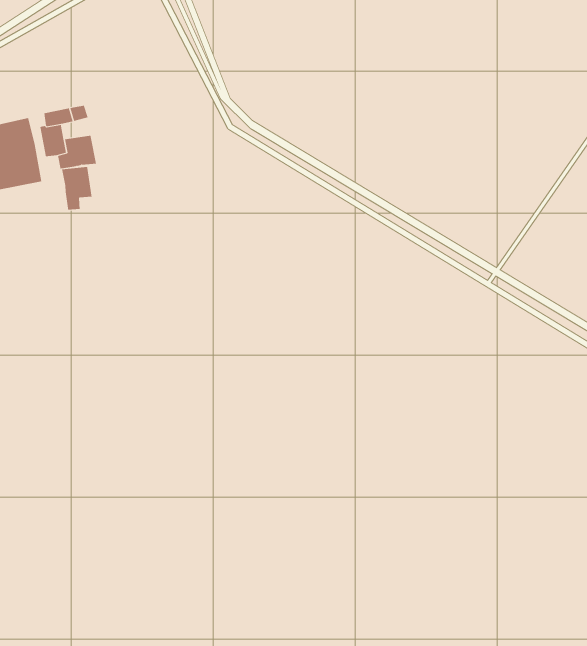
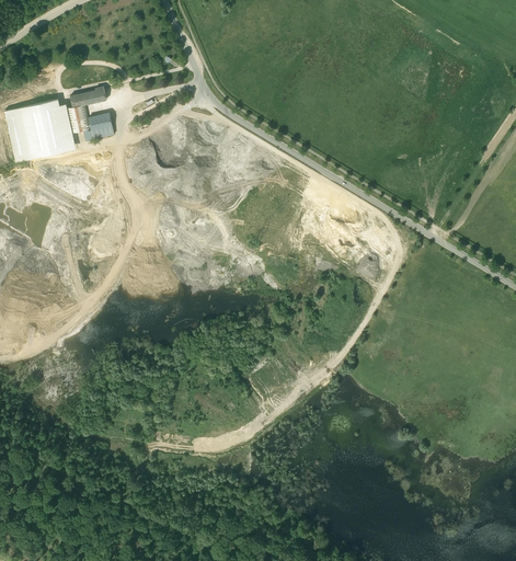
building: [61,166,92,210] -> none

